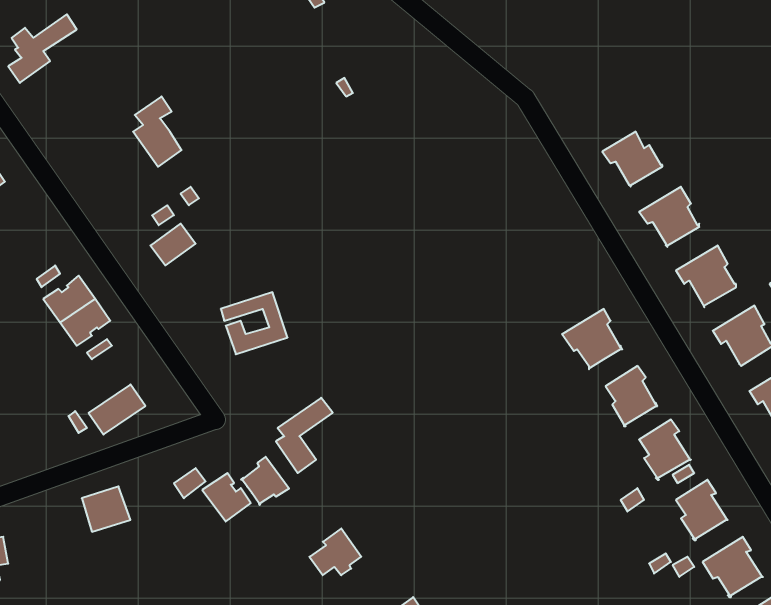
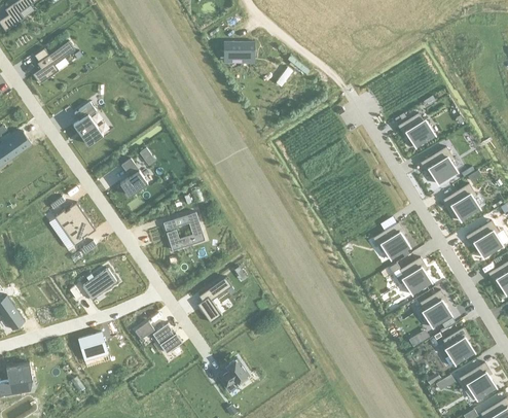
building: none -> [223,42,254,59]
building: [133,96,182,167] -> [72,103,102,146]
building: [241,457,289,505] -> none

